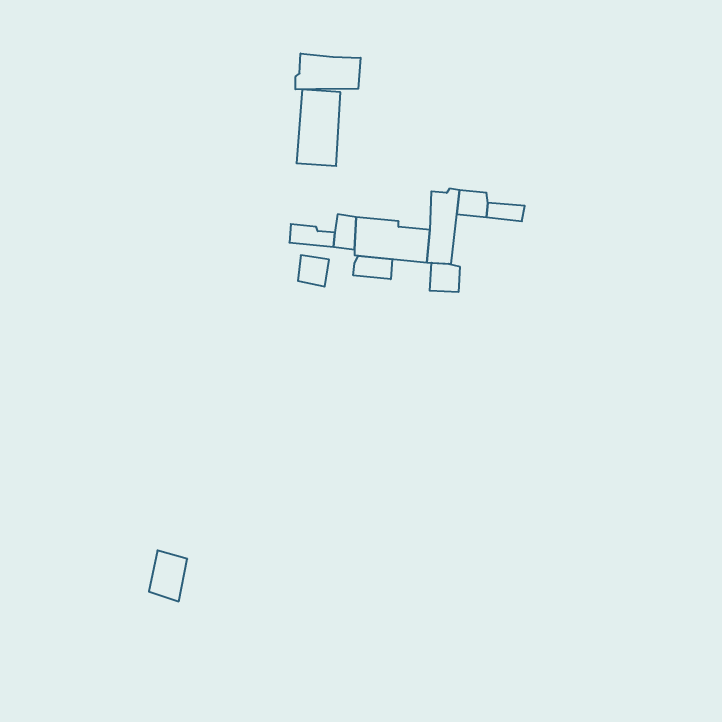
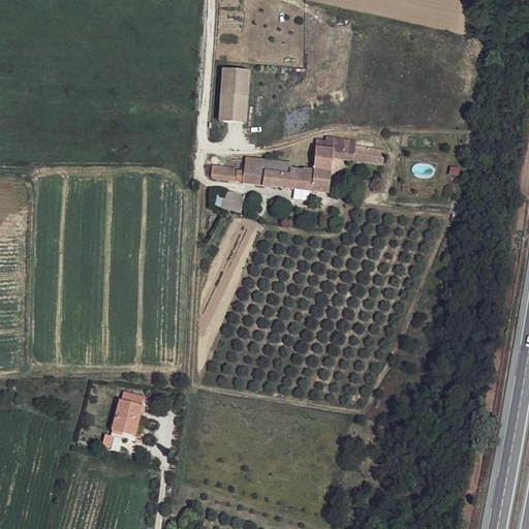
building: [295,53,361,89] -> none
building: [353,256,392,279] -> none
building: [430,263,460,292] -> none

